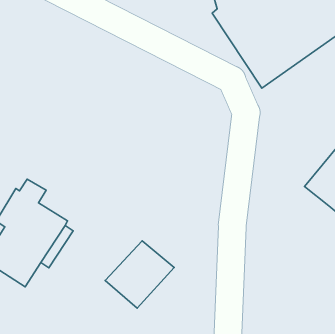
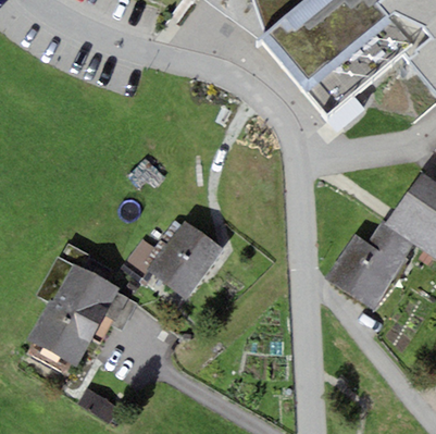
building: none -> [326,221,414,308]
building: [105,241,174,308] -> [146,220,223,297]

